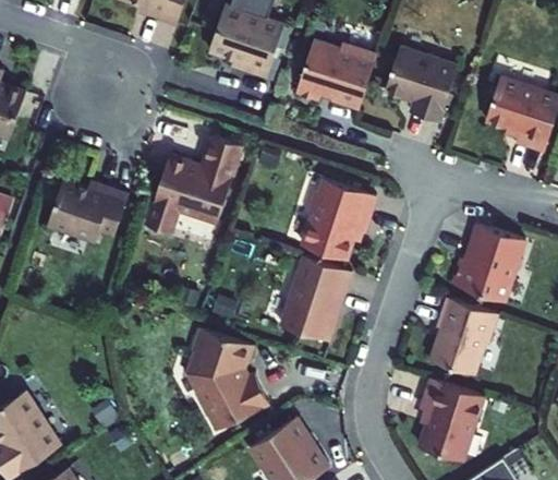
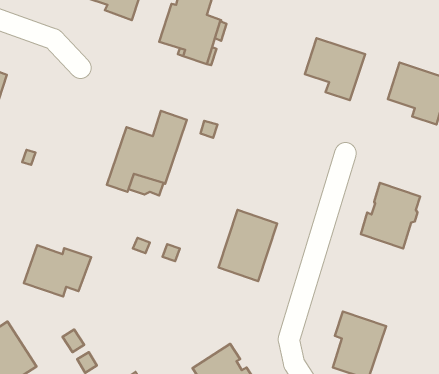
building: [295,41,377,110] -> none
building: [47,179,129,241] -> [24,245,91,297]
building: [302,179,375,260] -> none
building: [429,297,497,374] -> none
building: [190,328,267,429] -> none

